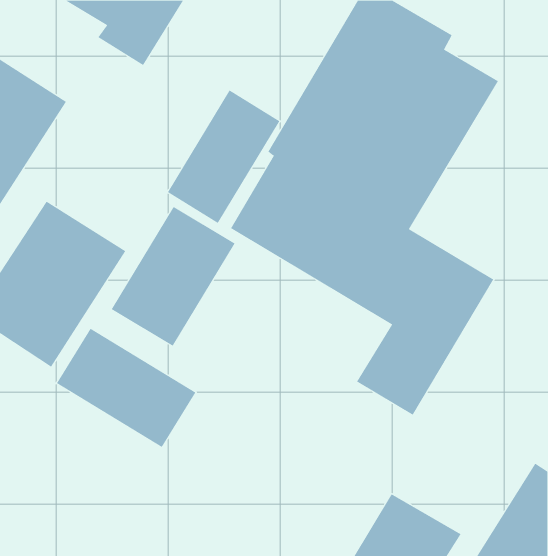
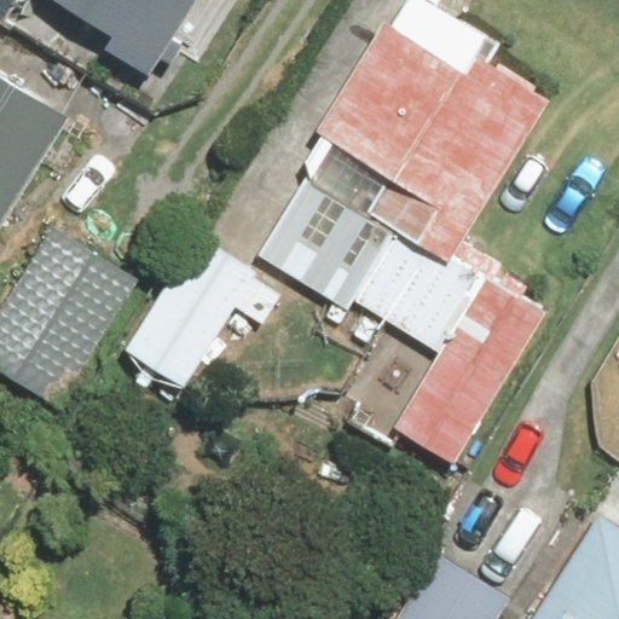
building: [167,90,280,224] -> none
building: [56,328,196,448] -> none

